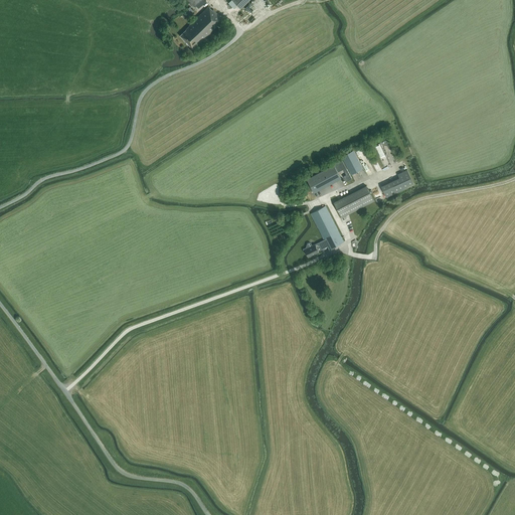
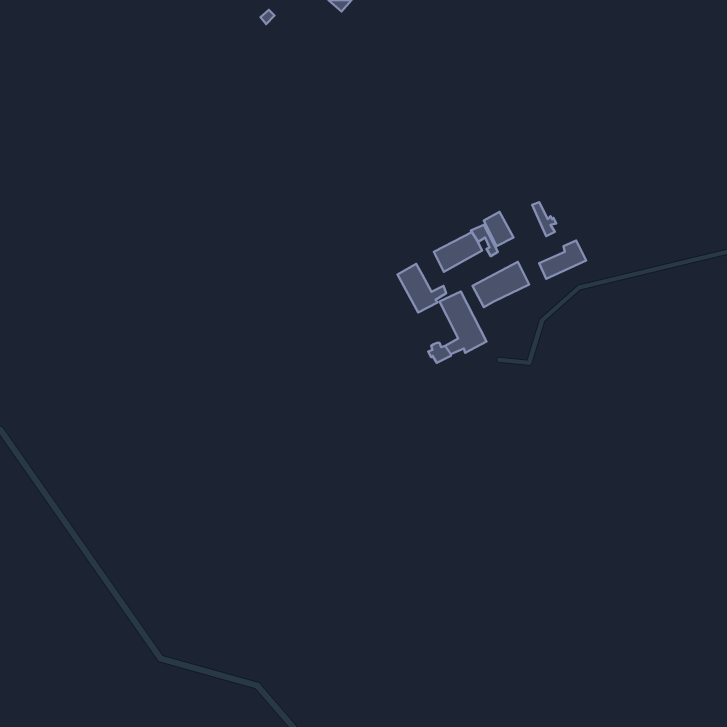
building: [180,6,223,48] -> none
building: none -> [398,264,446,313]

